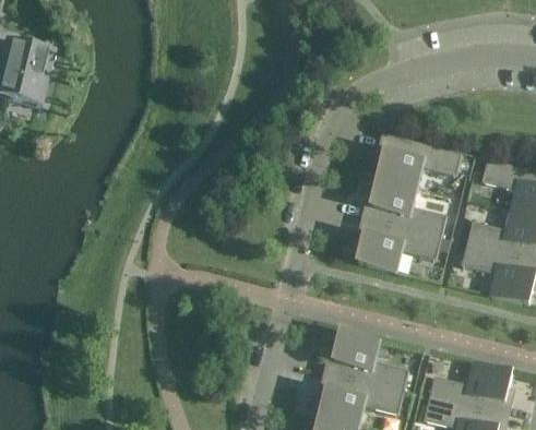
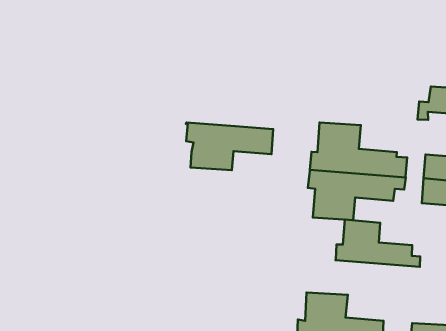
building: [377,132,460,183] -> [186,122,273,170]
building: none -> [336,220,420,267]

